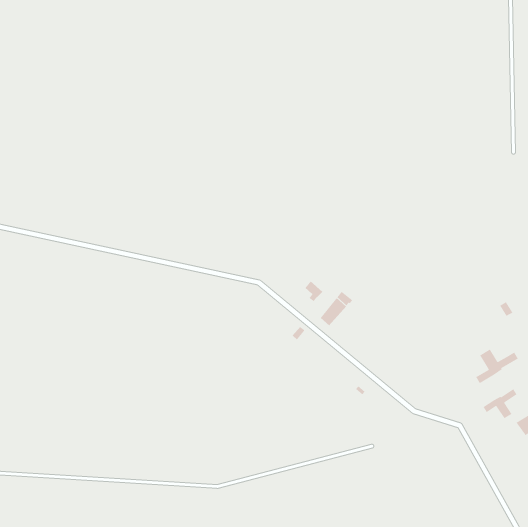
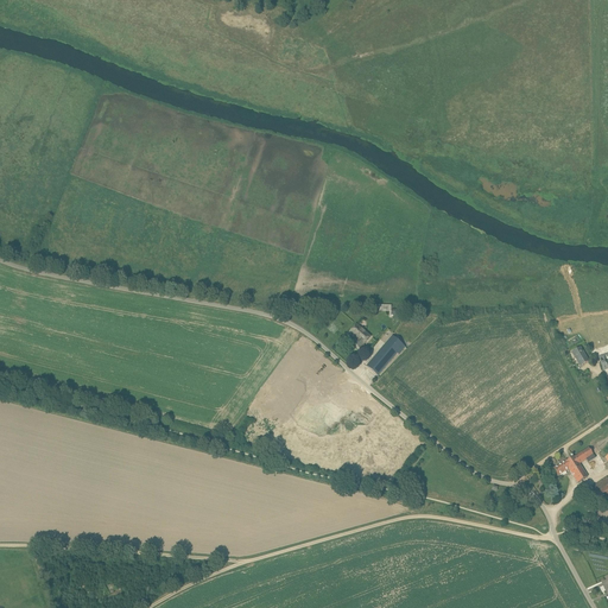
building: [475,348,519,384] -> none

